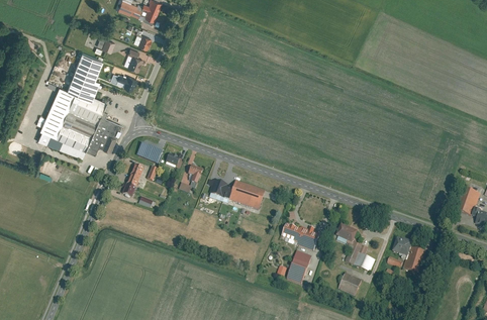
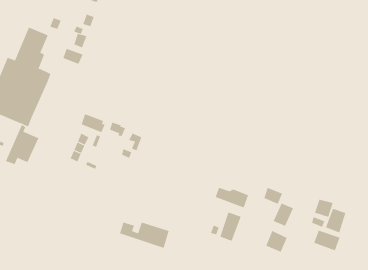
building: [82,108,119,152] -> [5,124,39,165]
building: [210,180,266,209] -> [119,222,170,248]
building: none -> [314,230,340,251]

